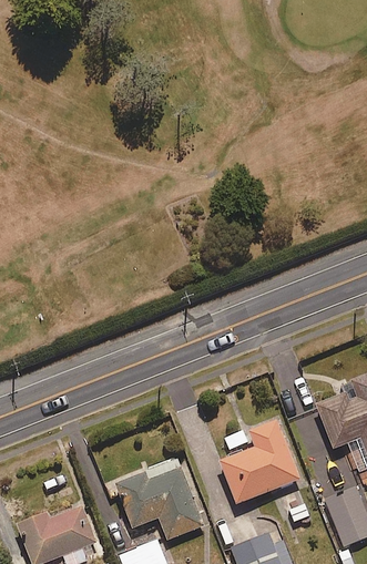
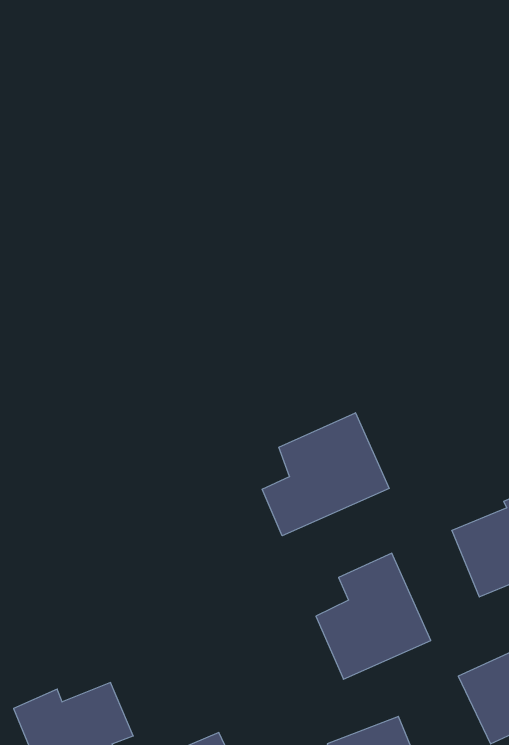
building: none -> [262,413,389,536]
building: [114,468,204,541] -> none

